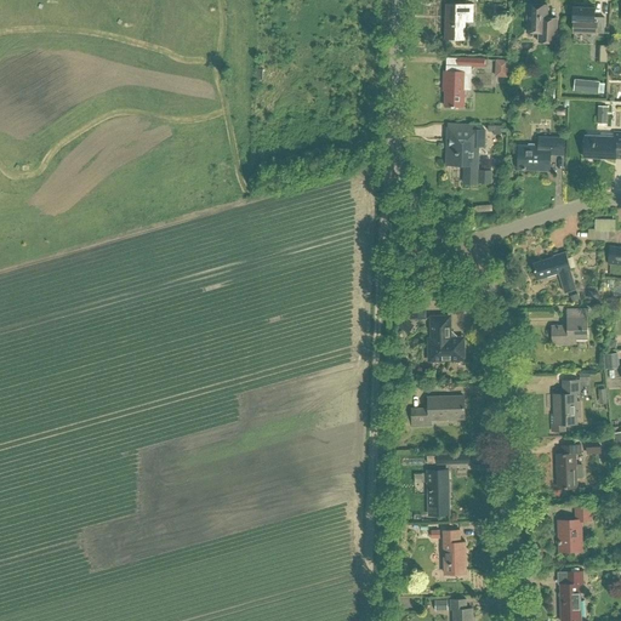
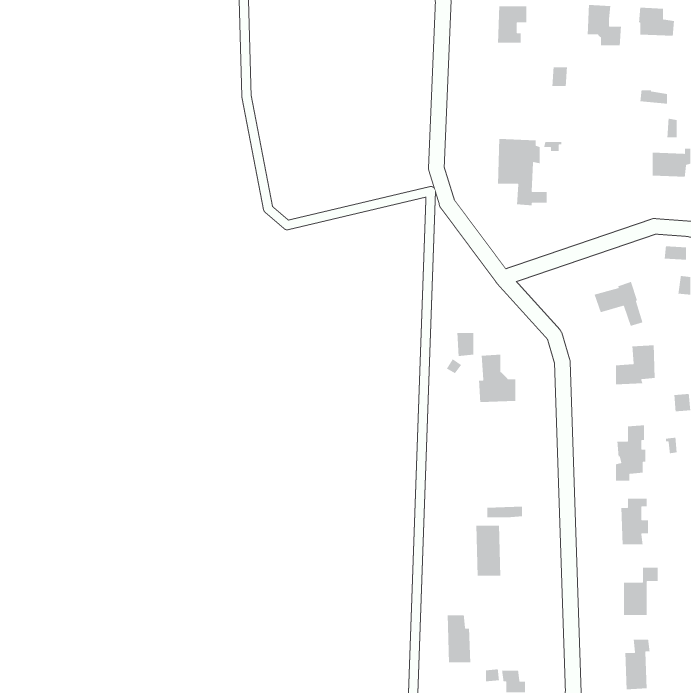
building: [443,57,484,107] -> none
building: [517,137,563,171] -> none
building: [417,397,463,426] -> none
building: [443,530,465,574] -> [447,614,471,663]

